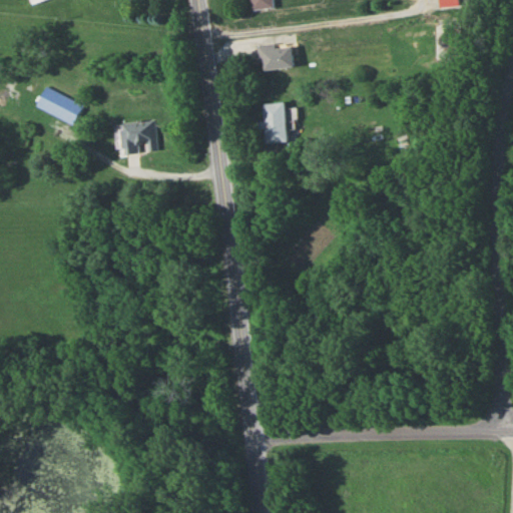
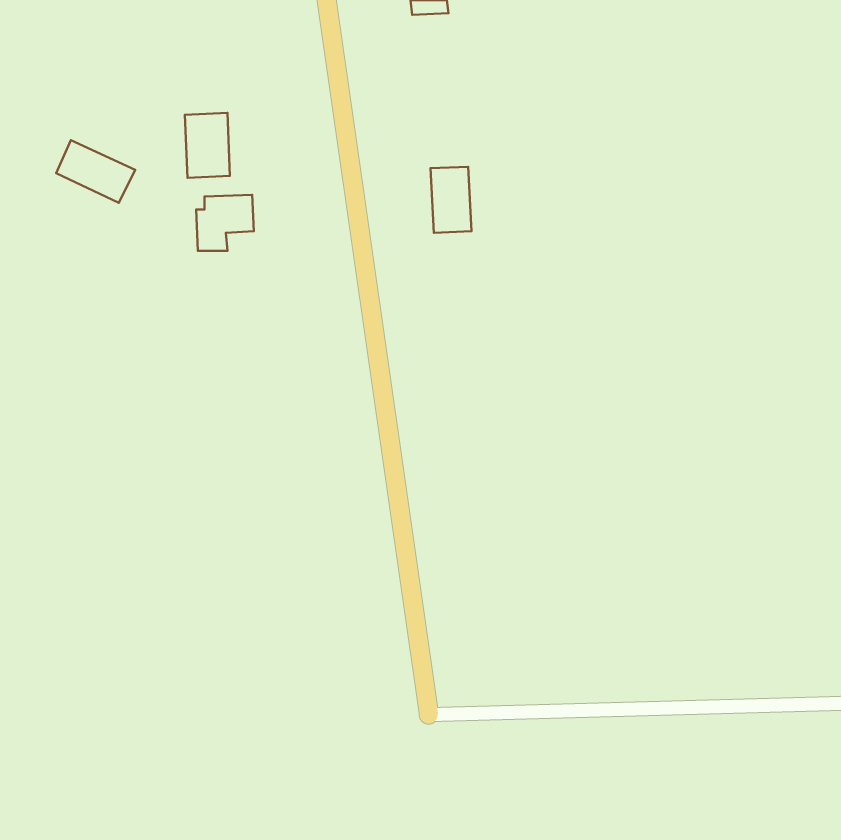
building: [258,45,294,71] -> none
building: none -> [185,113,230,178]

